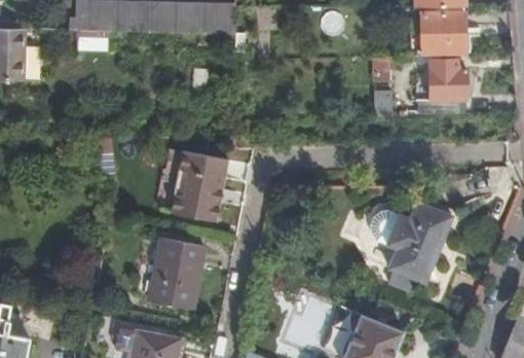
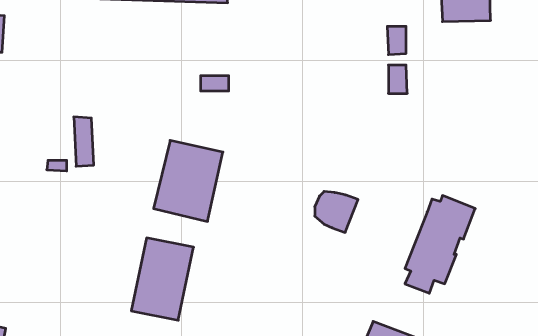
building: [426,59,466,113] -> none
building: [370,211,408,247] -> [315,191,358,232]

